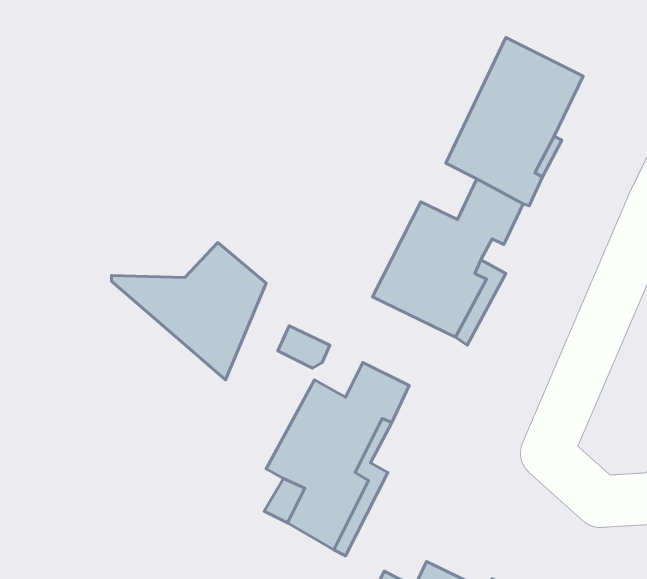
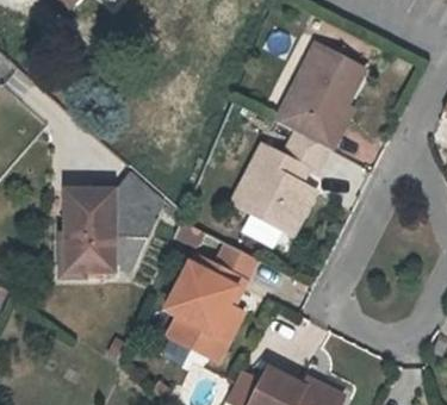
building: none -> [73,195,143,269]

